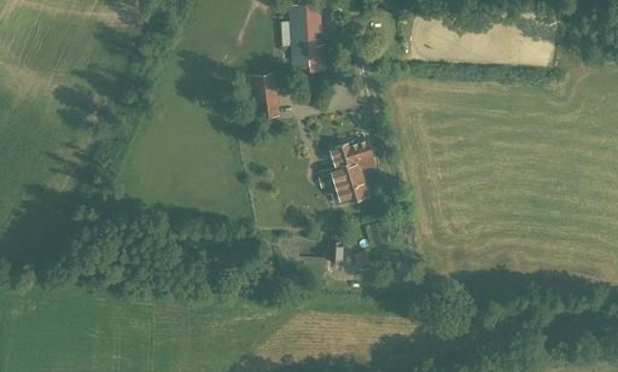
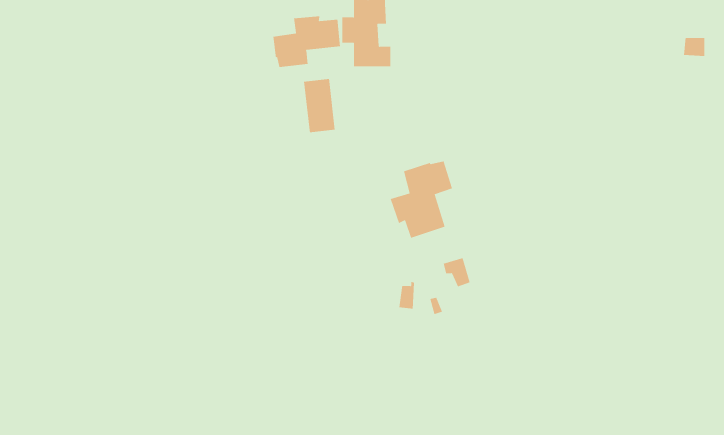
building: none -> [273,16,340,68]

